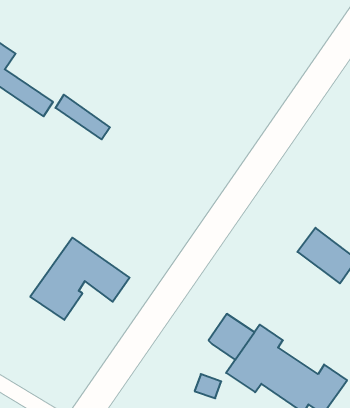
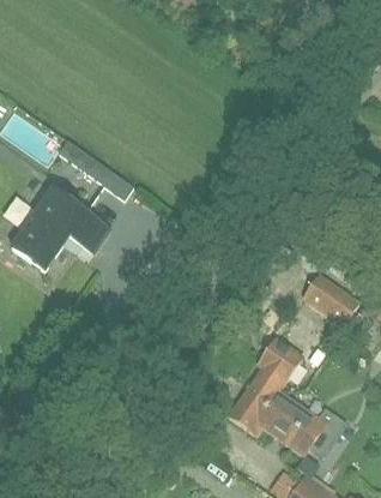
building: [30,238,130,320] -> [11,188,109,270]
building: [209,314,255,360] -> [258,337,303,383]

